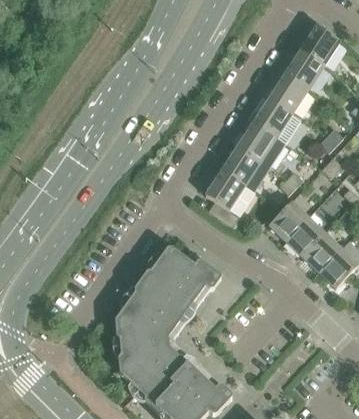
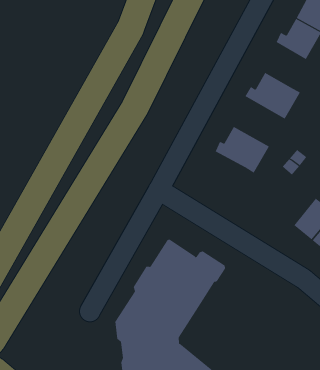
building: [269,71,308,113] -> none
building: [237,119,285,167] -> none
building: [205,168,245,227] -> none
building: [269,201,308,241] -> none

